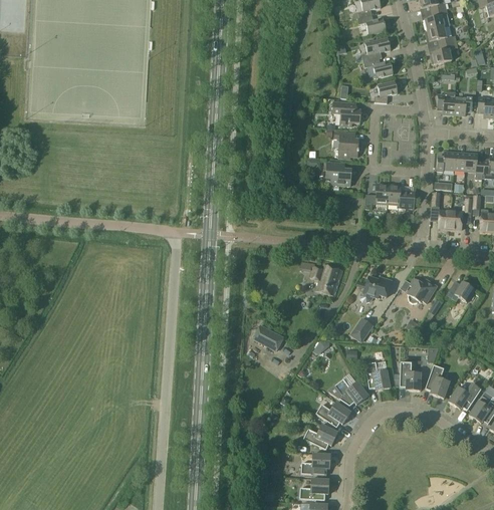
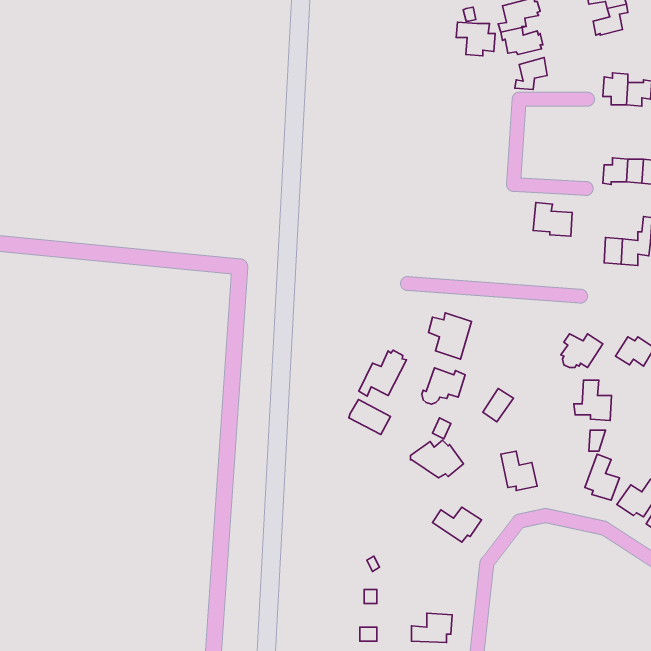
building: [333,101,361,125] -> [456,22,495,56]
building: [335,132,359,158] -> none
building: [326,162,351,185] -> none
building: [365,183,390,208] -> none
building: [360,275,392,301] -> [422,368,465,404]
building: none -> [359,350,407,396]
building: [394,361,421,391] -> [574,380,612,421]
building: [329,378,367,406] -> [410,440,464,478]
building: [303,425,338,450] -> none
building: [301,454,330,475] -> none

